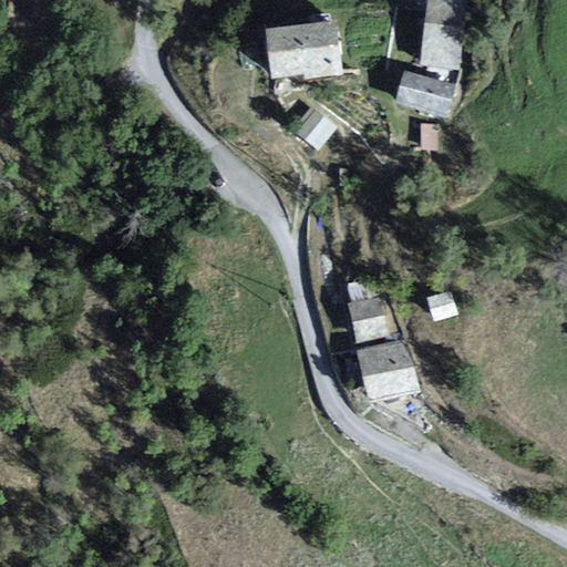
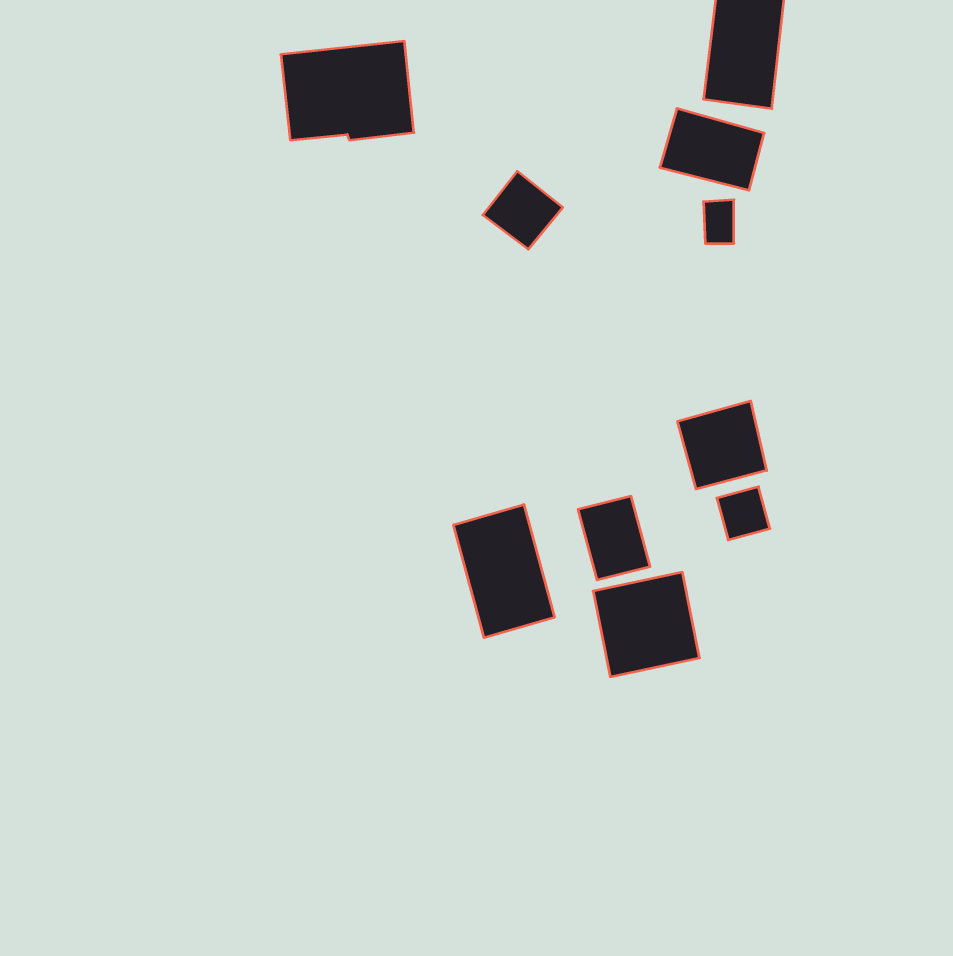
building: [265,20,342,78] -> [281,41,414,140]
building: none -> [678,401,767,489]
building: none -> [454,504,554,638]

